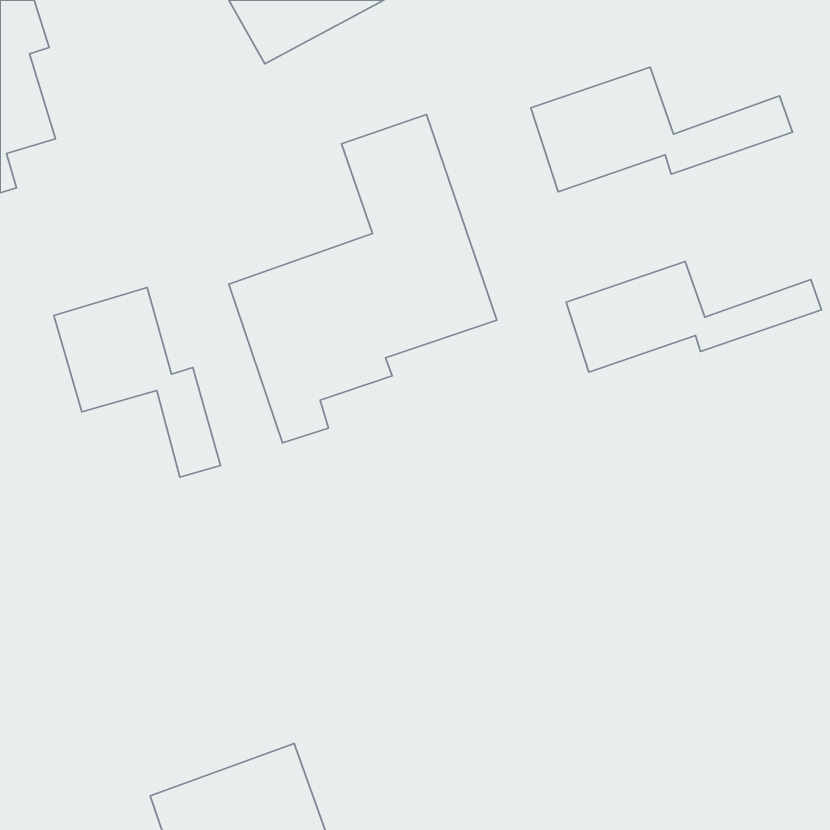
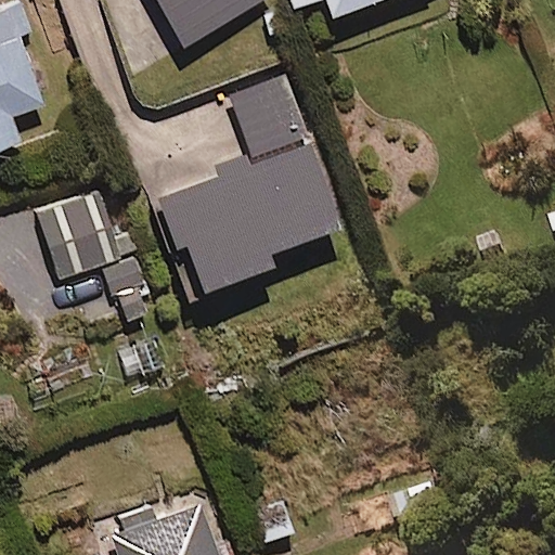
building: [531,67,792,192] -> none
building: [566,262,821,372] -> none

